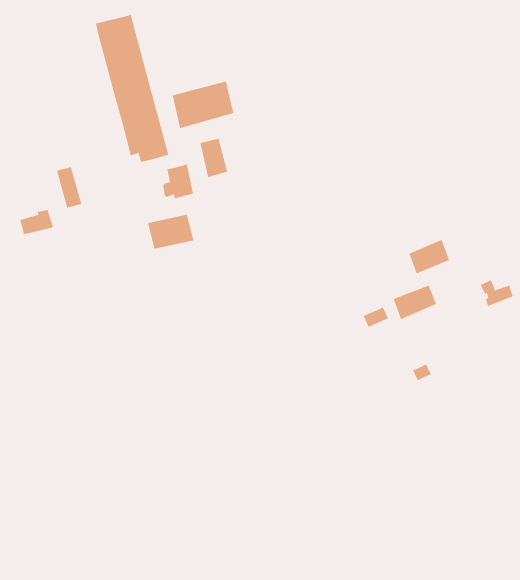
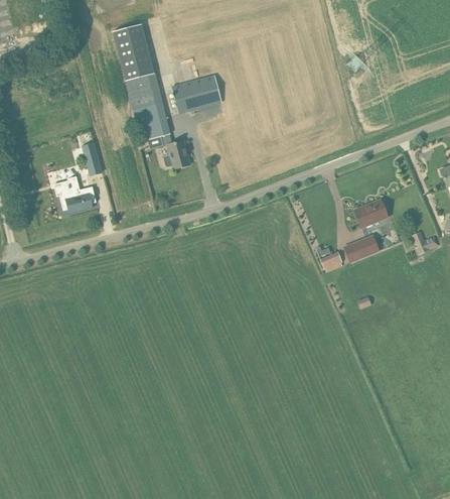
building: [200,138,228,178] -> none
building: [147,214,194,249] -> none
building: none -> [59,186,97,214]

